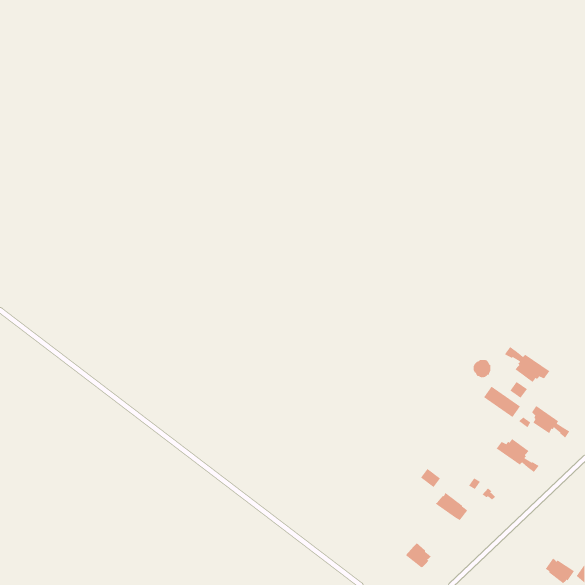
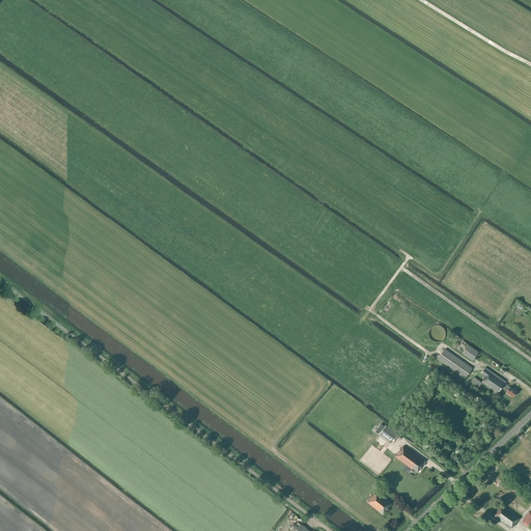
building: [504,346,550,383] -> none
building: [496,438,539,473] -> none

